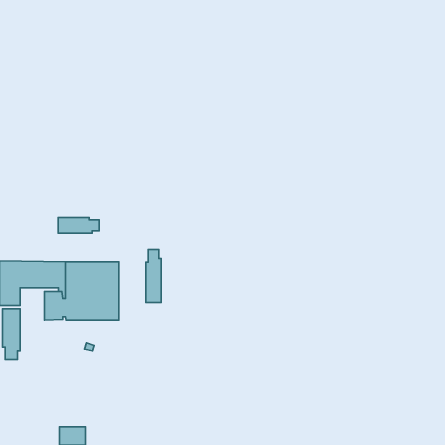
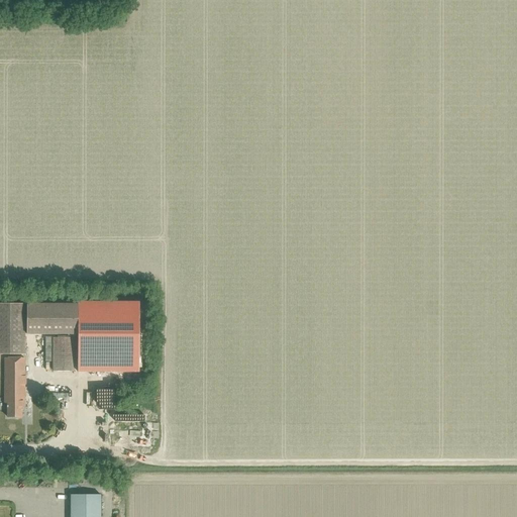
building: [58,218,99,233] -> none
building: [146,249,161,302] -> none

